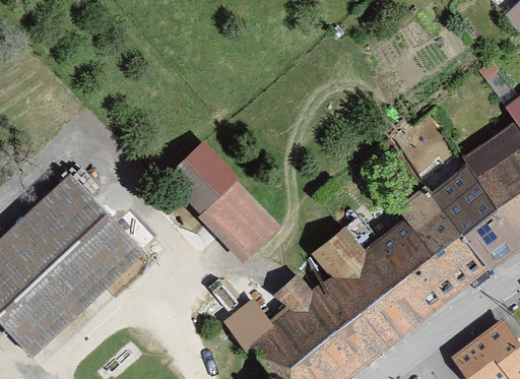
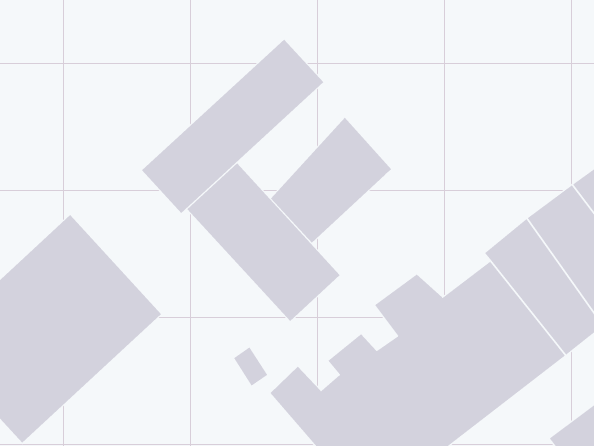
building: none -> [141,39,324,214]
building: none -> [270,117,392,244]

